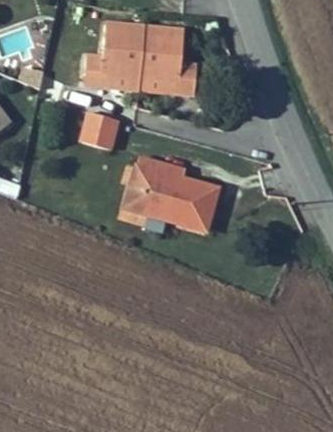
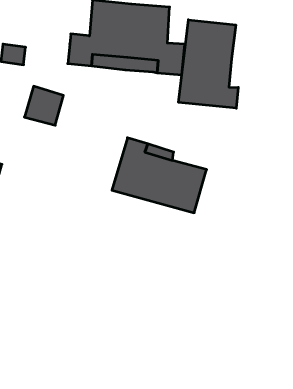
building: none -> [179,20,238,108]
building: [80,110,118,148] -> [24,86,63,125]

